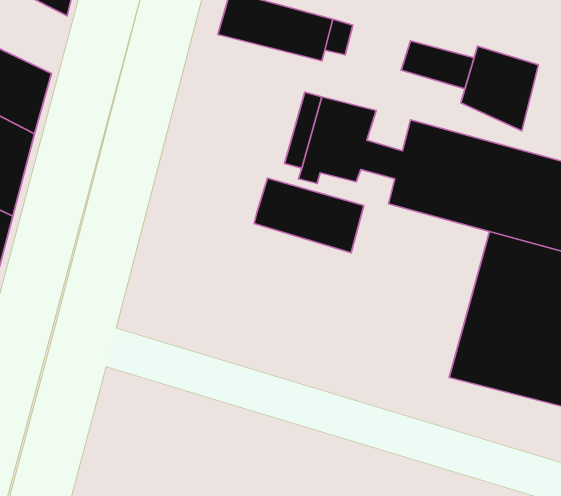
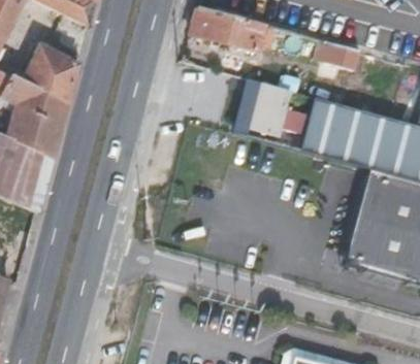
building: [461,46,539,131] -> none
building: [254,178,364,253] -> none

